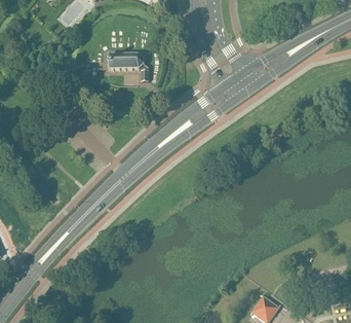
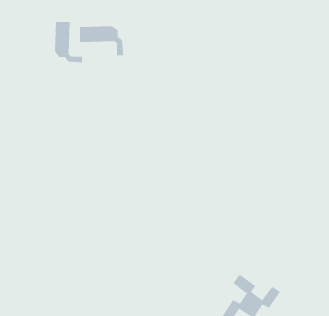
building: none -> [55,21,83,63]

